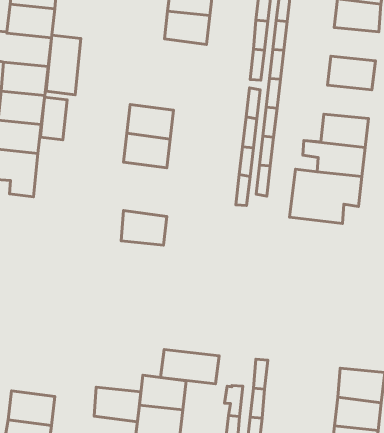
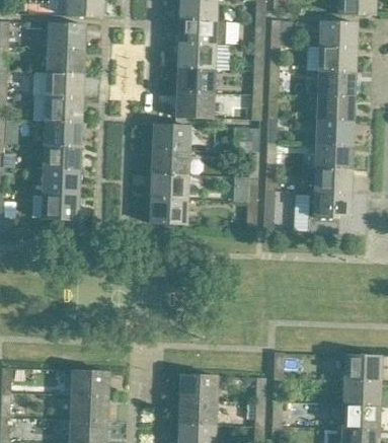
building: none -> [316,71,355,96]
building: [46,35,81,95] -> none
building: none -> [175,91,212,118]
building: none -> [152,124,189,150]
building: none -> [314,120,353,145]
building: [40,97,67,140] -> none
building: [121,211,167,245] -> [150,197,186,223]
building: [160,349,219,384] -> none
building: [94,387,141,422] -> [71,370,108,396]

